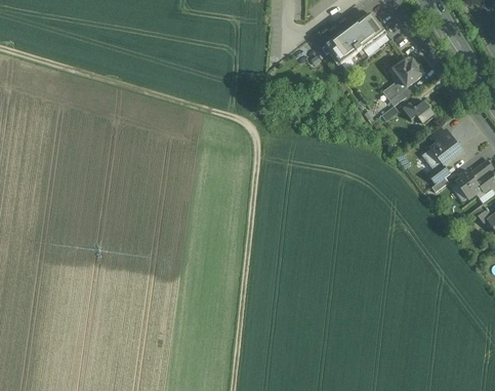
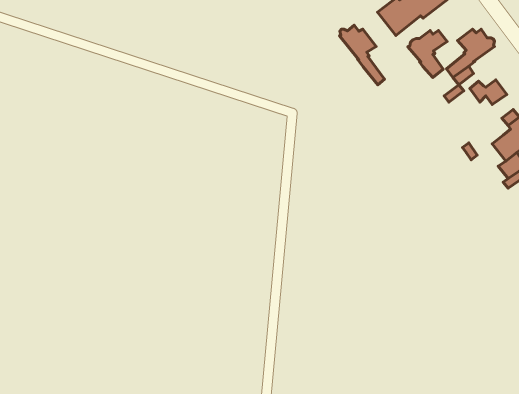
building: none -> [340,25,385,85]
building: none -> [408,30,447,78]

